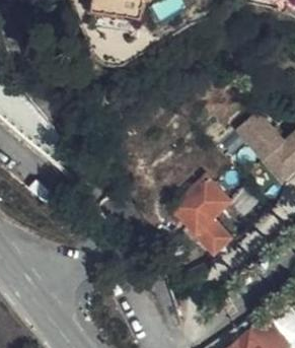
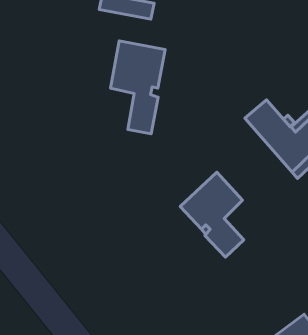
building: none -> [111,41,165,134]

